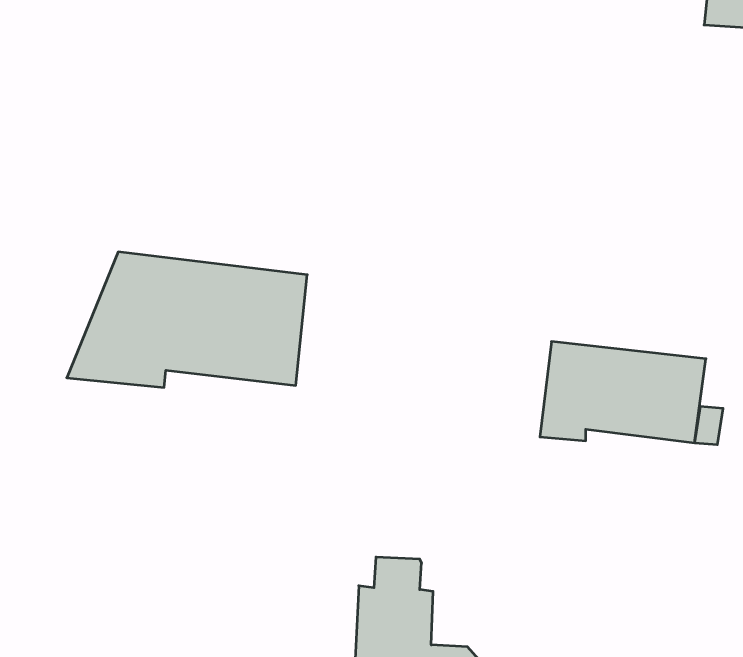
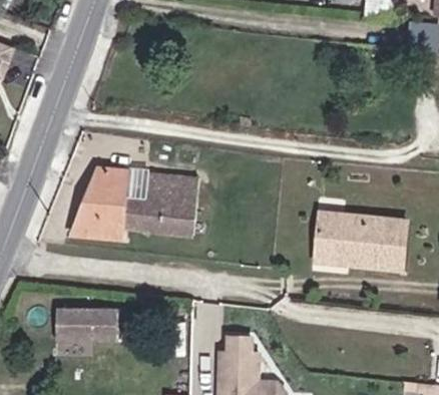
building: none -> [52,306,117,343]

